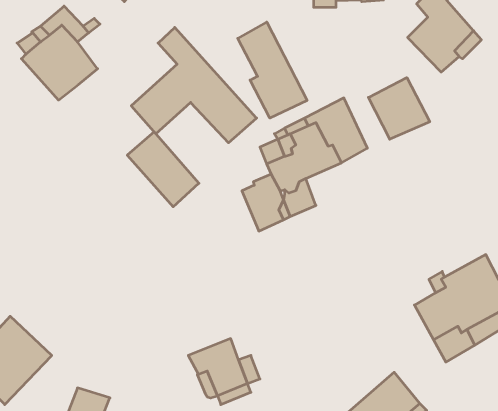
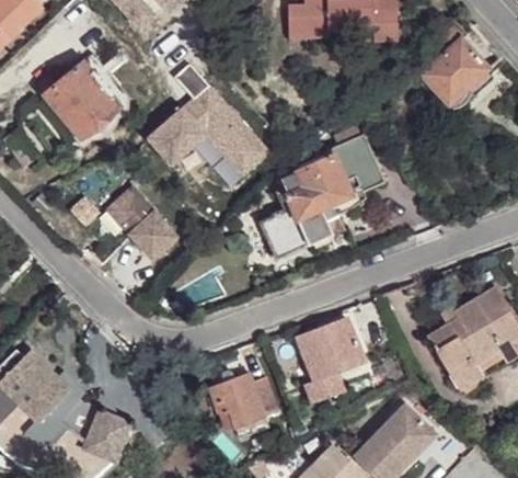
building: [238,22,307,118] -> none
building: [368,78,430,139] -> none
building: [127,132,199,207] -> [104,185,174,259]
building: none -> [295,318,362,383]

